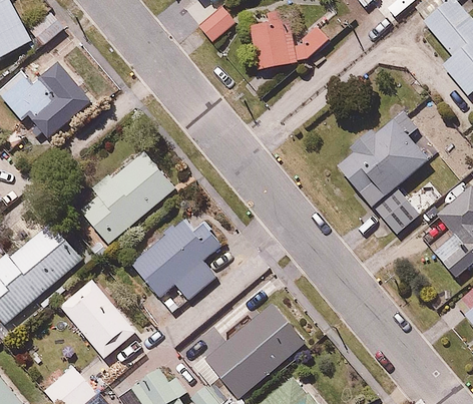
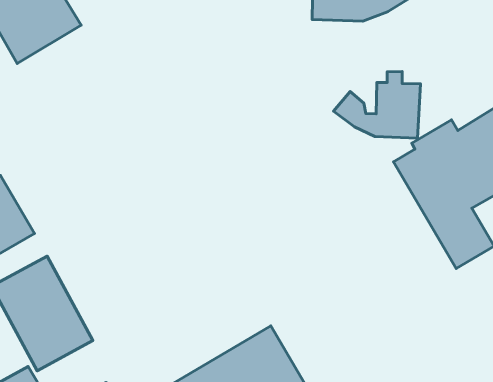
building: none -> [334,71,420,138]
building: [81,145,176,243] -> none
building: [130,218,225,303] -> none

